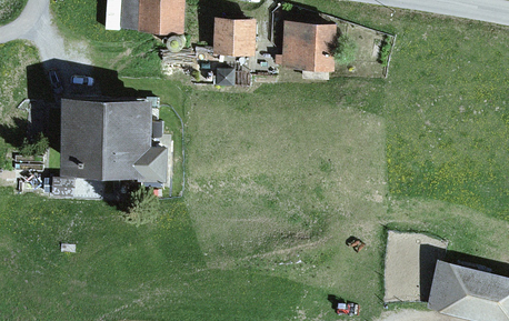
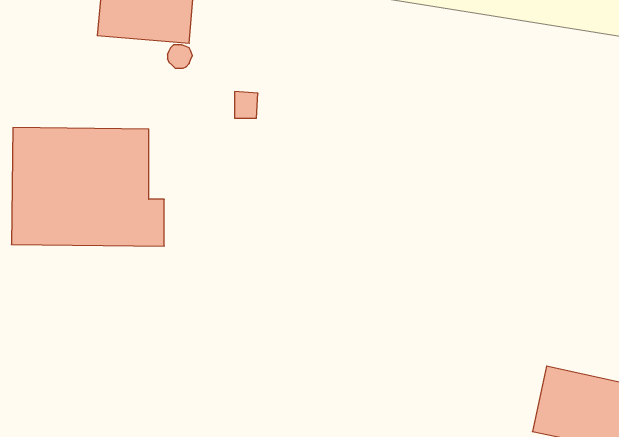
building: [216,19,258,58] -> none
building: [281,20,335,82] -> none

